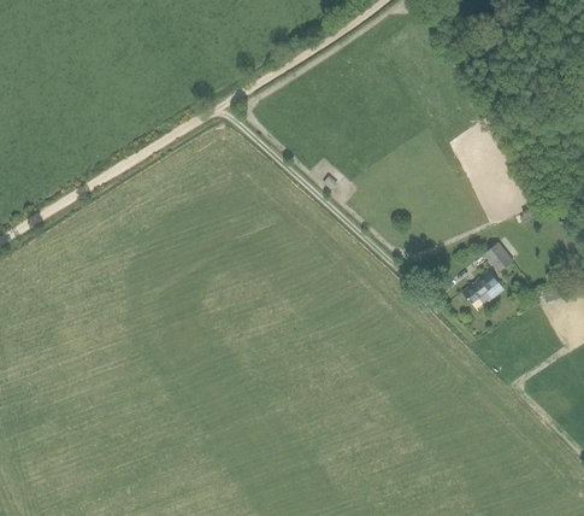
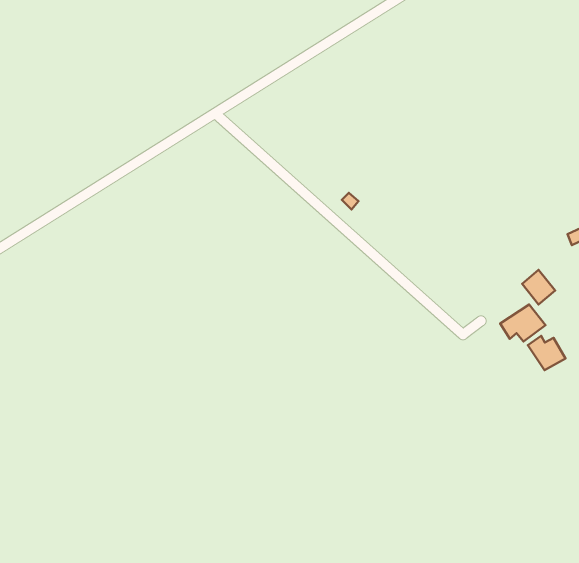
building: none -> [528,336,566,370]

